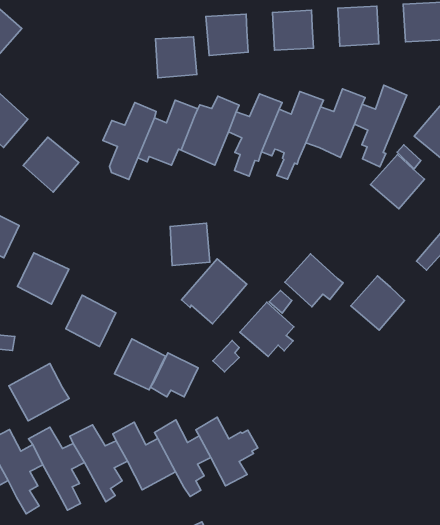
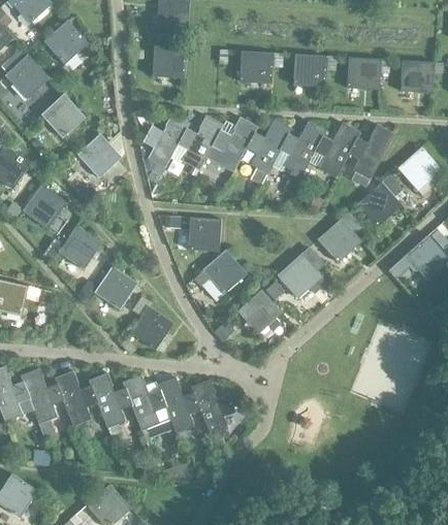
building: [156,37,197,78] -> [153,45,186,78]
building: [351,276,405,330] -> [317,218,361,262]
building: [151,353,198,397] -> none
building: [9,363,69,421] -> none

